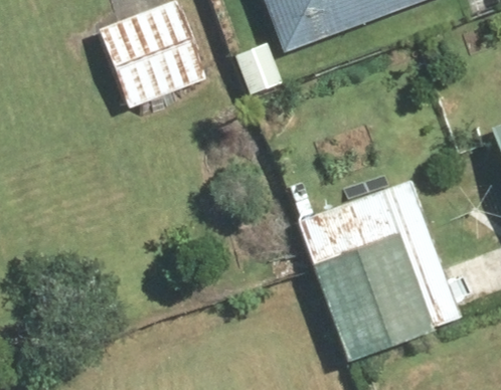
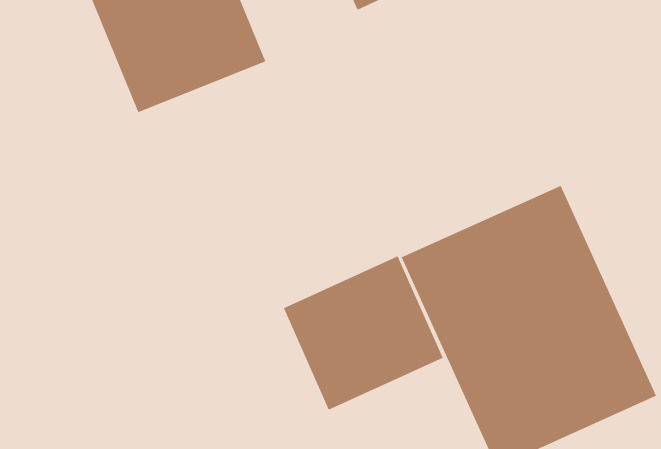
building: none -> [283,256,443,410]

